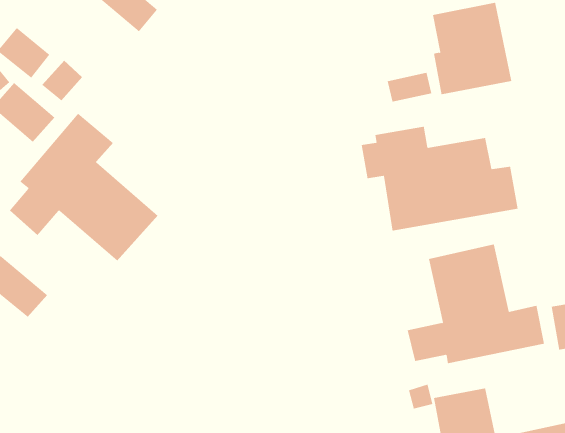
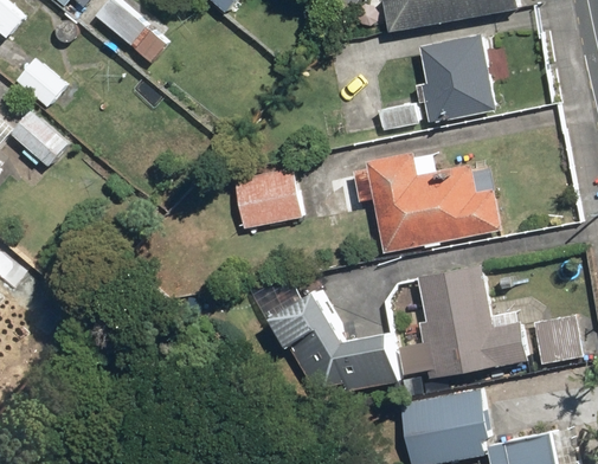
building: [9,113,158,262] -> none
building: none -> [227,168,295,230]
building: none -> [262,282,399,391]

